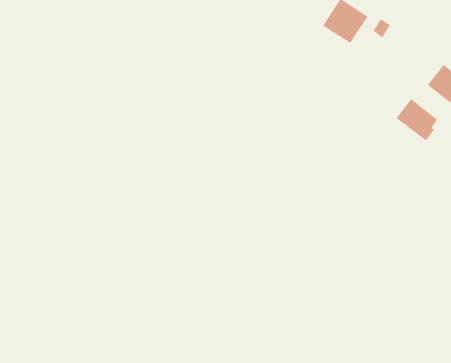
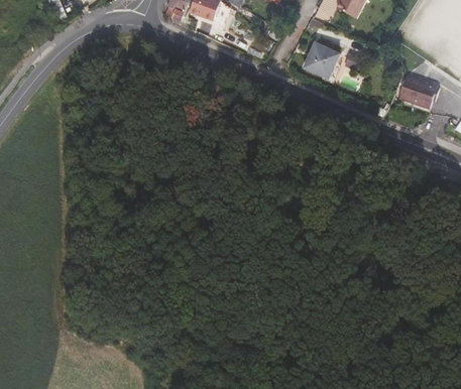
building: [395,98,438,141] -> none

